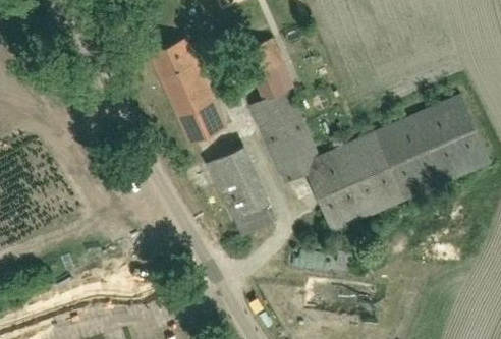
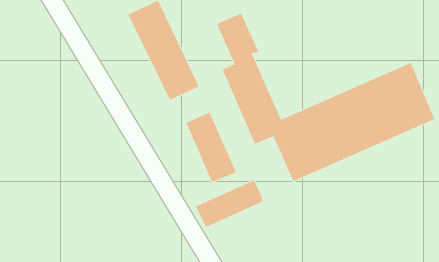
building: none -> [195,180,264,228]

